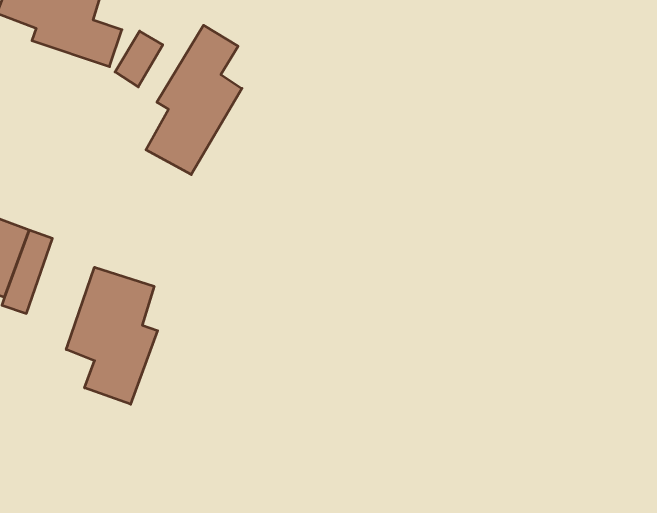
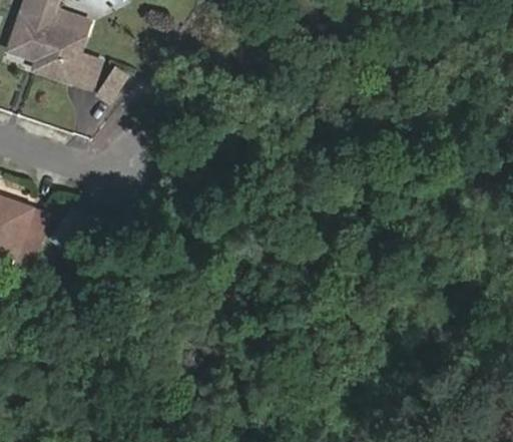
building: [146,25,242,175] -> none
building: [66,267,158,404] -> none

